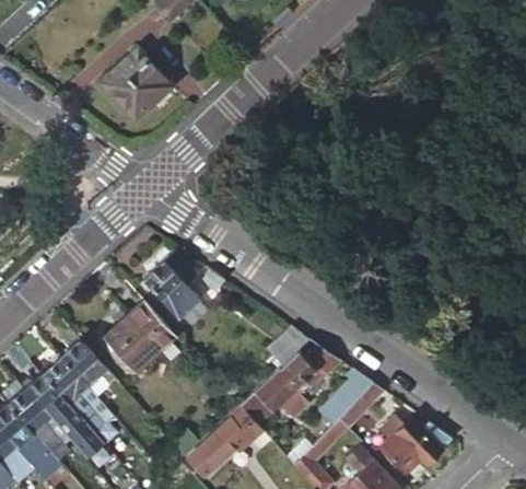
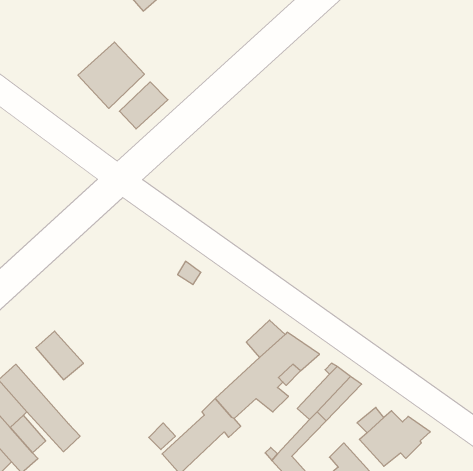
building: none -> [119,82,168,129]
building: [142,252,198,318] -> none
building: [105,303,175,372] -> none
building: [42,356,113,431] -> none

